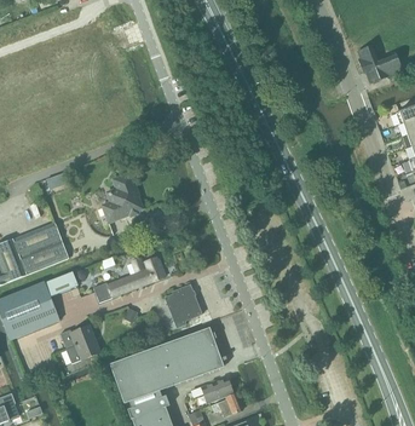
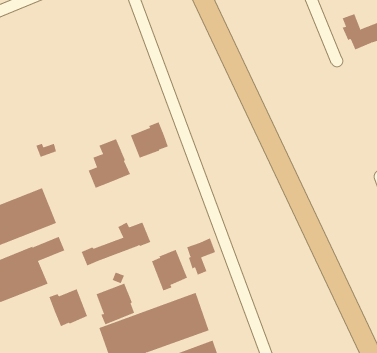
building: none -> [130,121,169,158]
building: none -> [187,237,216,276]
building: none -> [96,283,135,325]

